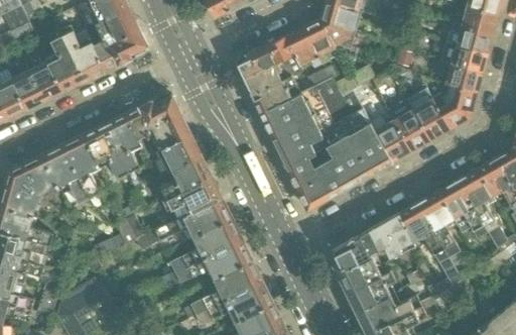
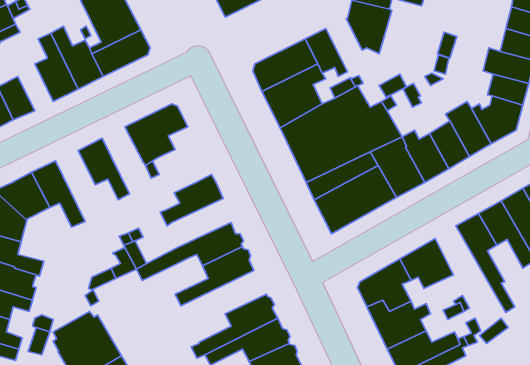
building: [301,18,335,66] -> none
building: [29,59,60,100] -> none
building: [104,114,140,174] -> none
building: [153,114,201,173] -> none
building: [62,135,104,208] -> none
building: [161,178,221,221] -> none
building: [398,202,455,272] -> none
building: [160,241,249,290] -> none

